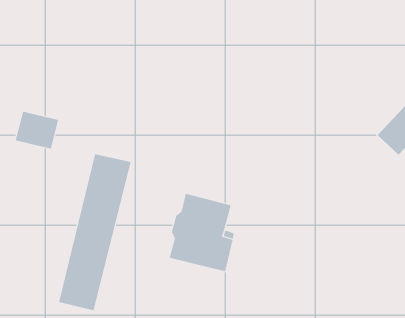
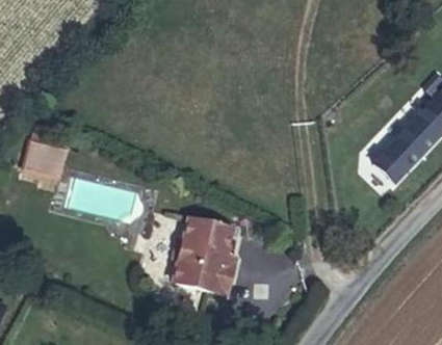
building: [58,154,131,311] -> none

